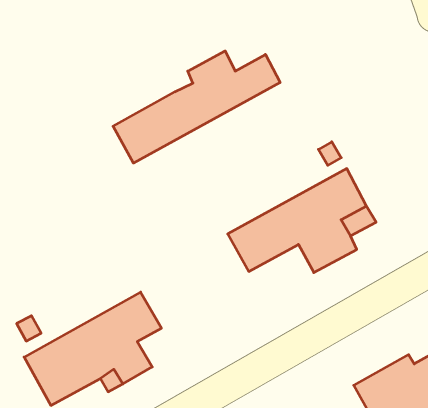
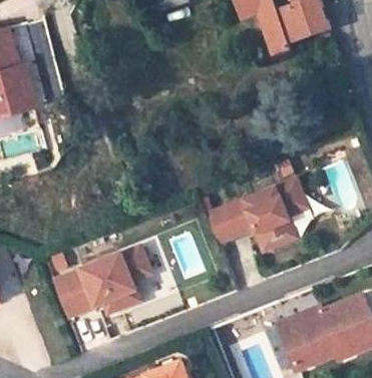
building: [113,51,280,163] -> none

